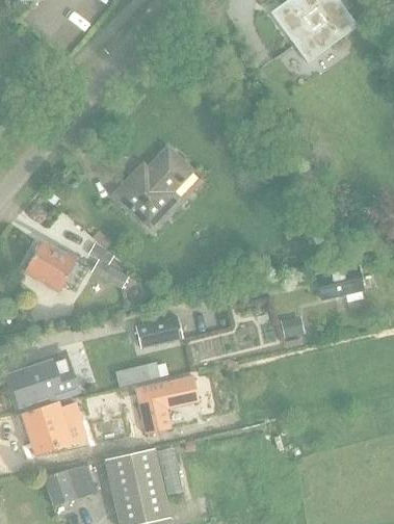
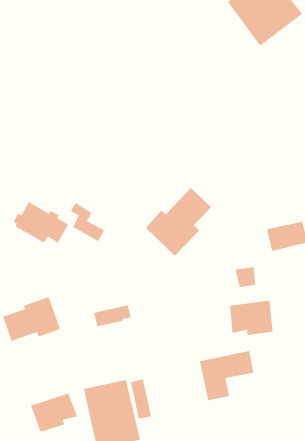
building: [114,148,191,228] -> [145,187,212,257]
building: [136,316,182,348] -> none
building: none -> [230,300,273,336]
building: [135,375,199,434] -> [199,350,254,401]
building: [23,402,83,454] -> none

